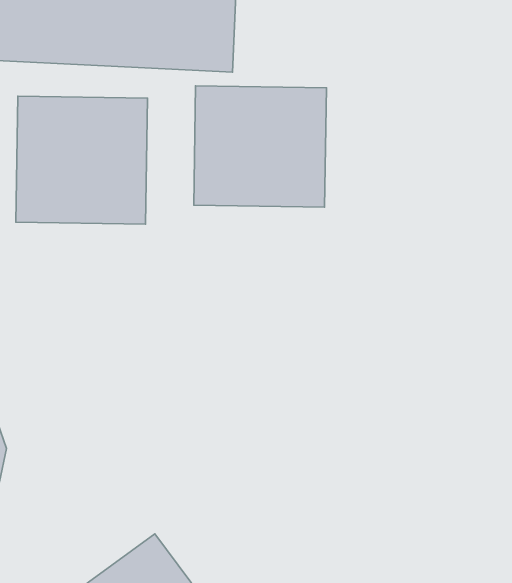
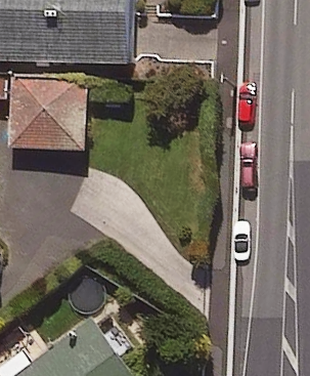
building: [194,86,326,207] -> none

